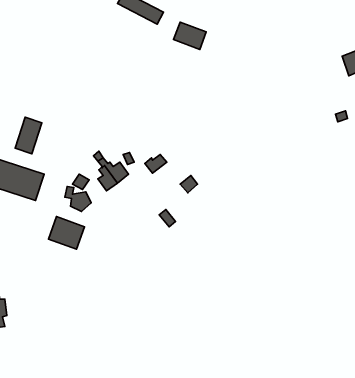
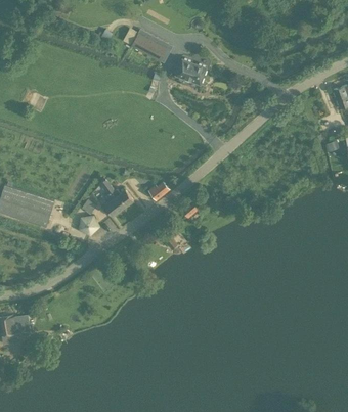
building: [15,117,42,154] -> none
building: [48,217,85,249] -> none

